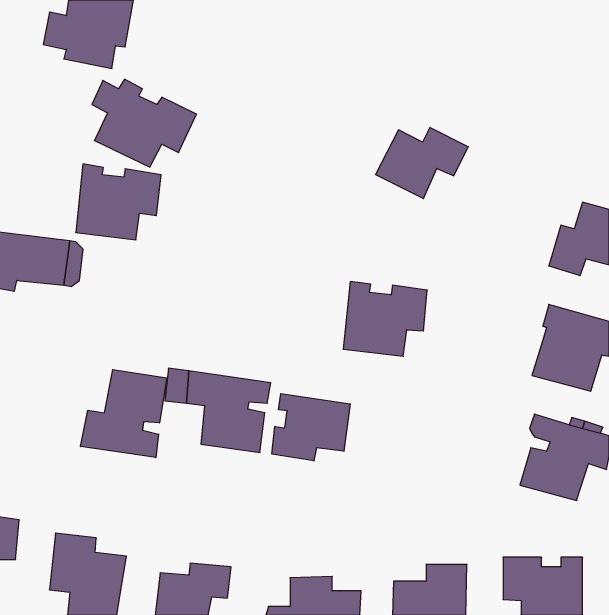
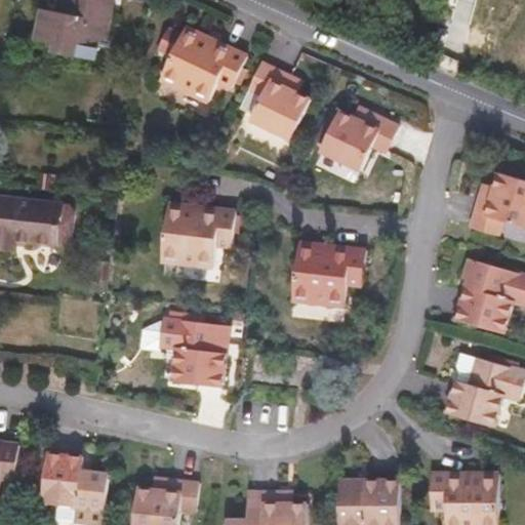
building: none -> [249,58,312,136]
building: [92,79,197,167] -> [158,24,247,98]
building: [76,164,161,240] -> [161,200,234,265]
building: [80,370,167,458] -> none
building: [272,394,350,461] -> none

